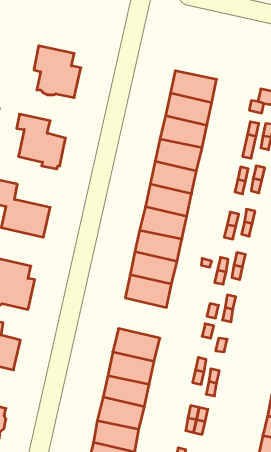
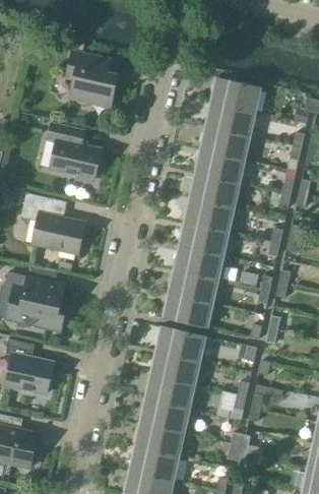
building: none -> [156,326,205,361]

